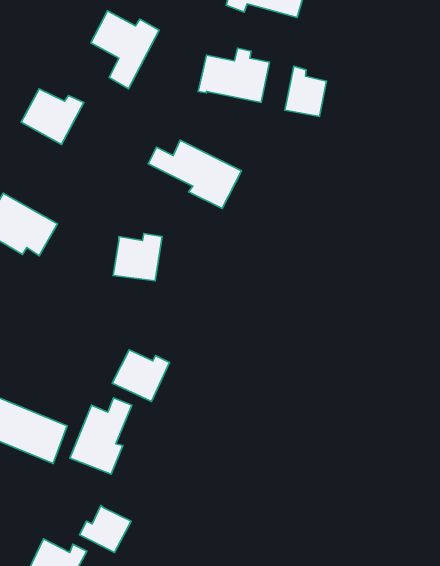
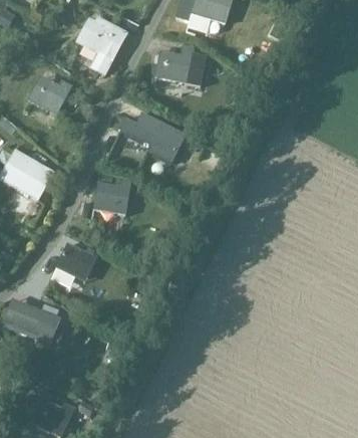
building: [285,66,326,116] -> none
building: [112,350,170,401] -> [56,242,97,279]
building: [70,398,132,474] -> none
building: [80,506,131,552] -> none

